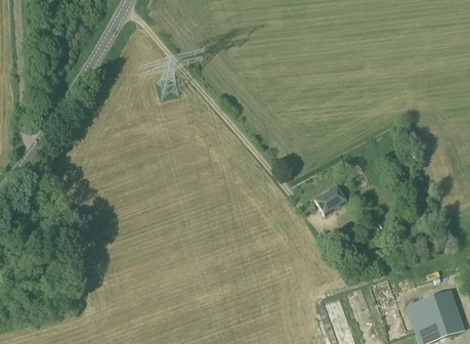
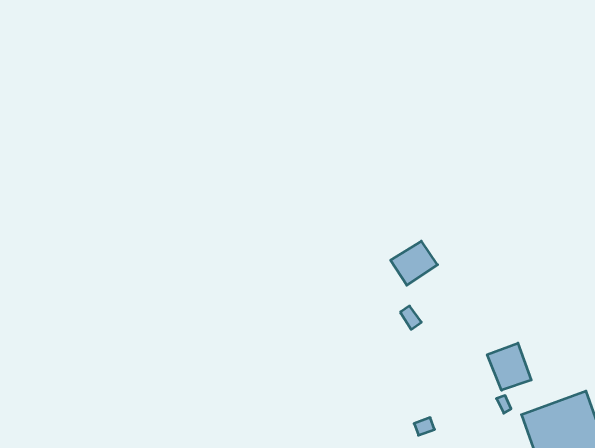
building: none -> [487,343,531,390]

